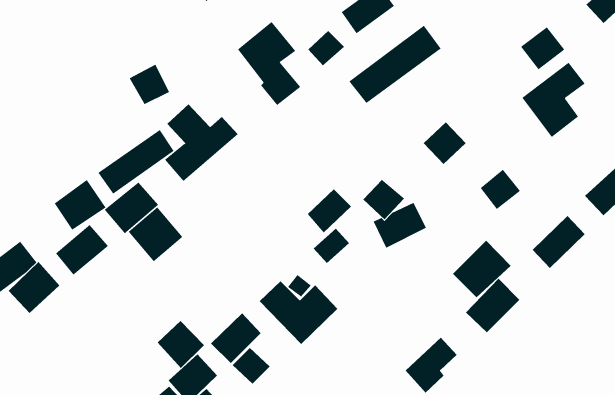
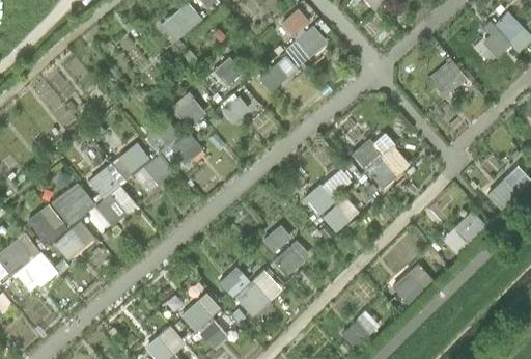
building: [348,25,441,104] -> none
building: [522,62,585,138] -> none
building: [129,64,170,105] -> [172,93,205,127]
building: [480,169,521,210] -> [369,157,402,190]
building: [307,188,352,233] -> [275,240,311,276]
building: none -> [27,203,63,239]
building: [128,206,183,262] -> none
building: [452,240,512,298] -> none
building: [157,320,205,369] -> none

